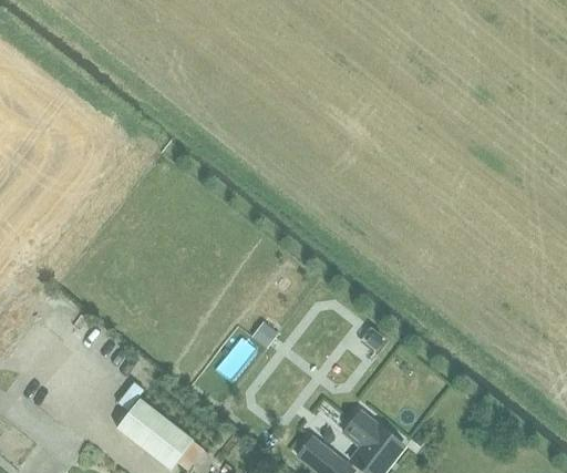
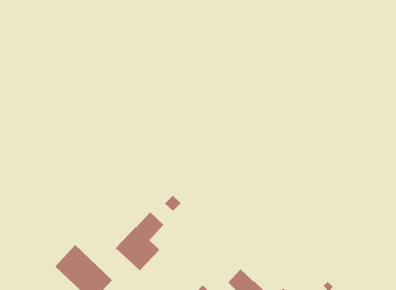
building: none -> [115,211,164,271]

